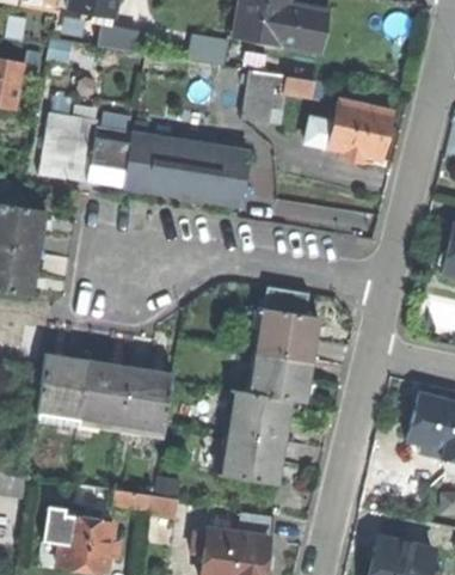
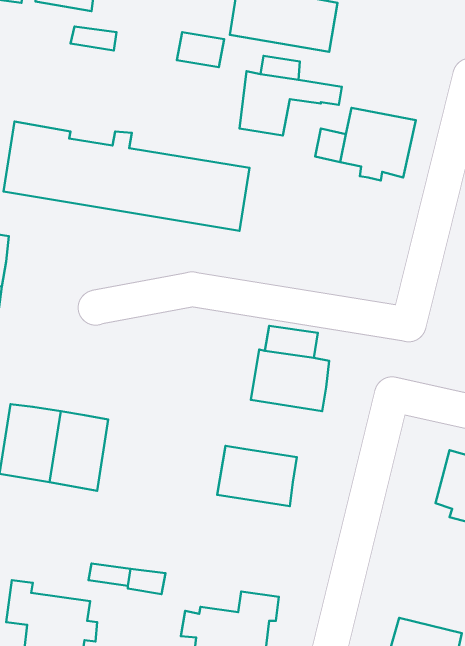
building: [246,350,313,402] -> none
building: [121,367,173,434] -> none
building: [217,432,285,484] -> none

